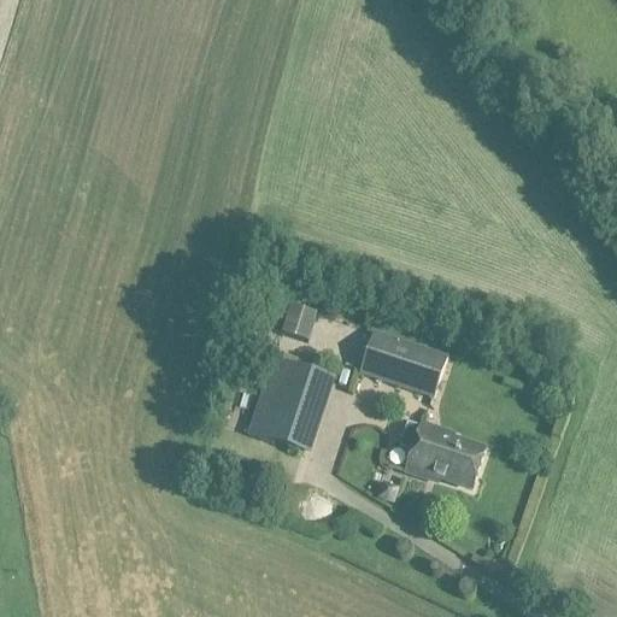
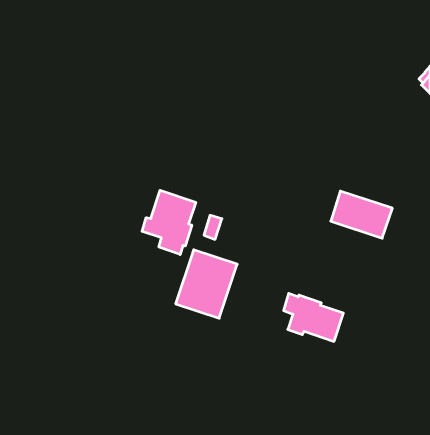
building: none -> [142,190,196,255]
building: [359,328,446,394] -> [331,191,392,238]

